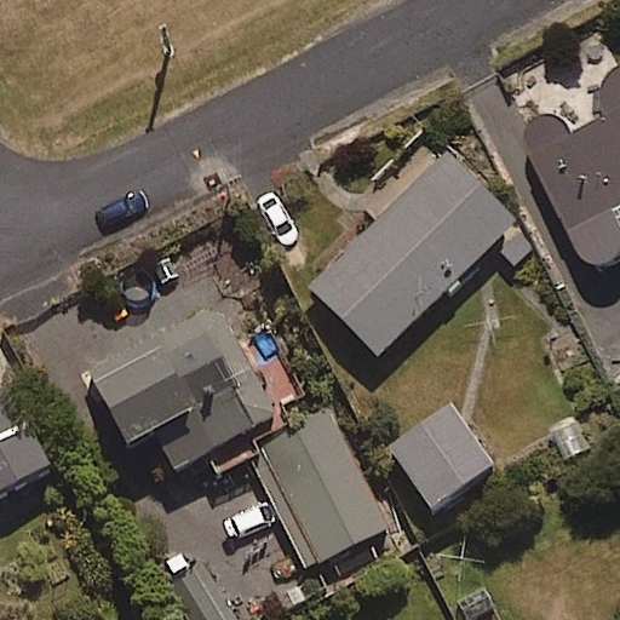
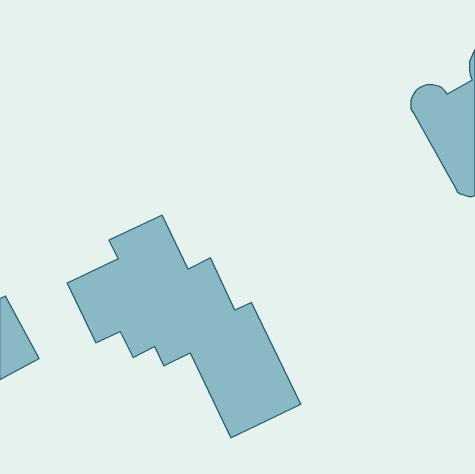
building: [310,154,516,357] -> none
building: [389,407,492,510] -> none

